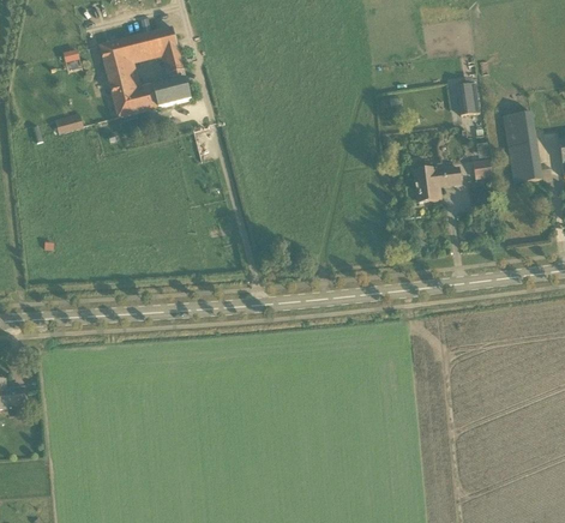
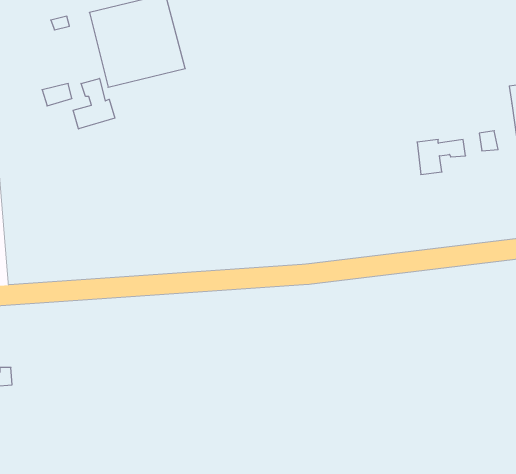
building: [456,83,479,115] -> none
building: none -> [73,78,115,129]

